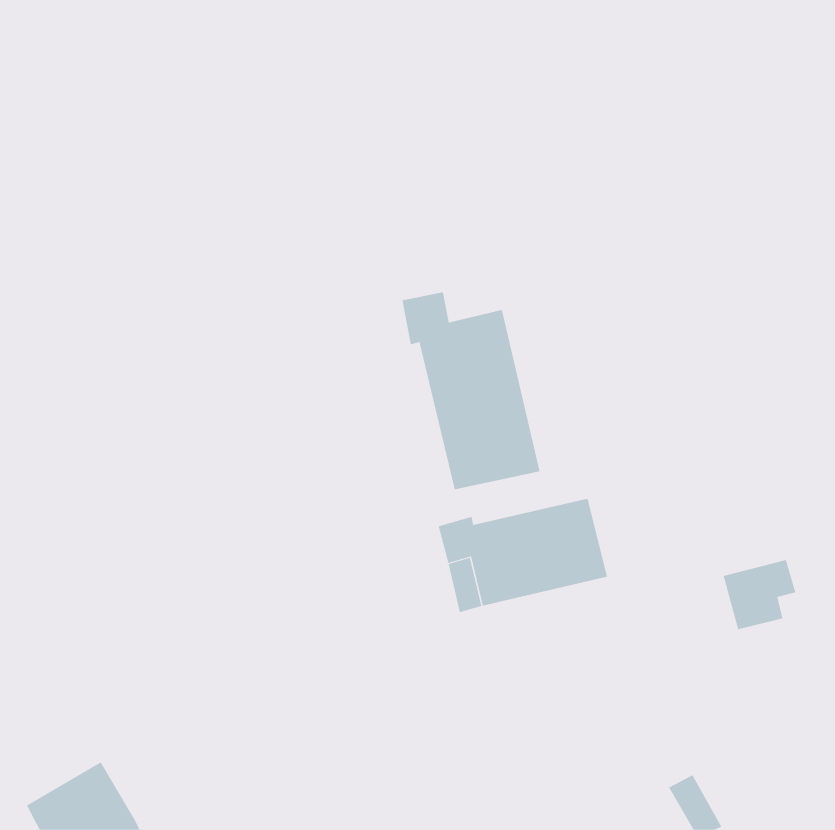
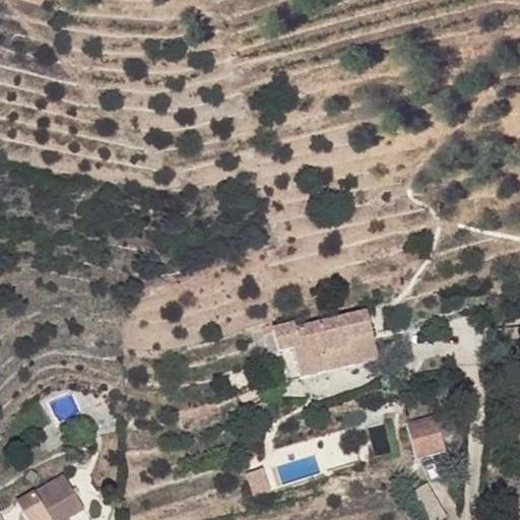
building: [402,292,540,490] -> none
building: [723,560,796,630] -> [406,412,452,456]

